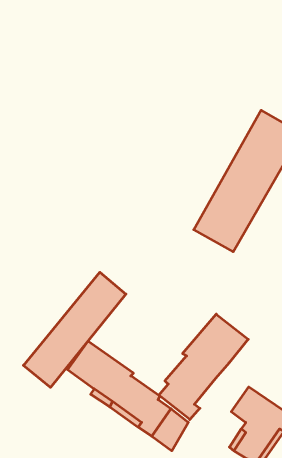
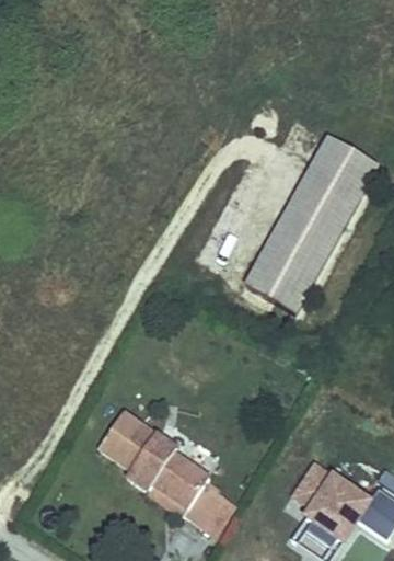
building: [23,272,126,387] -> none
building: [159,314,248,420] -> none

